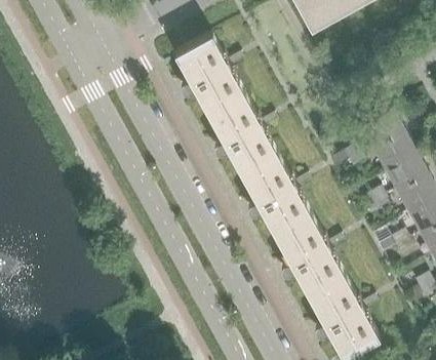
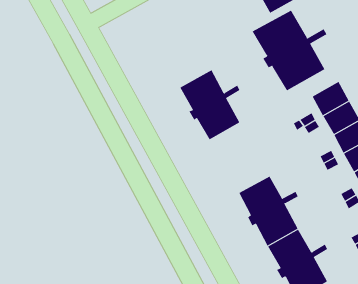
building: none -> [252,10,327,91]
building: [175,38,246,119] -> none
building: [243,159,313,240] -> none

